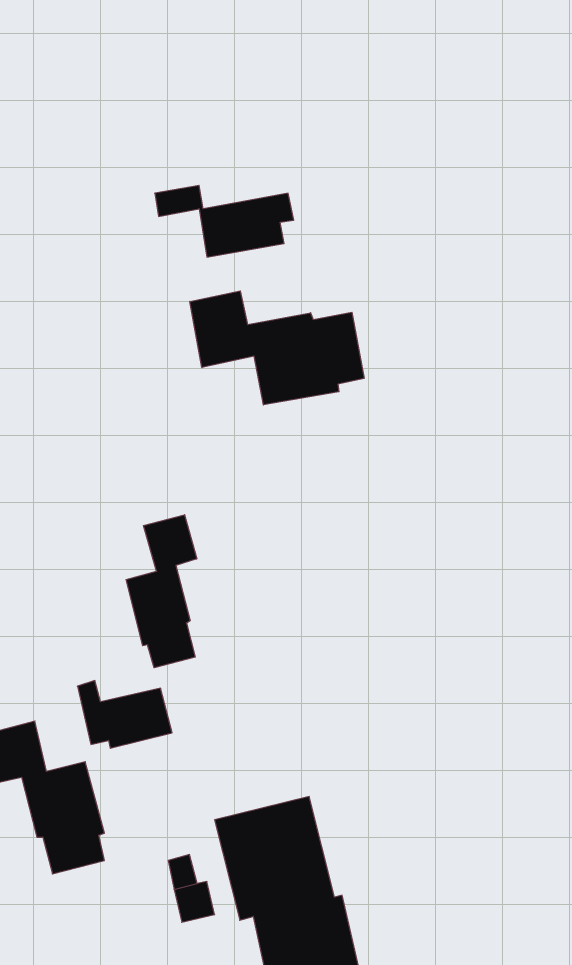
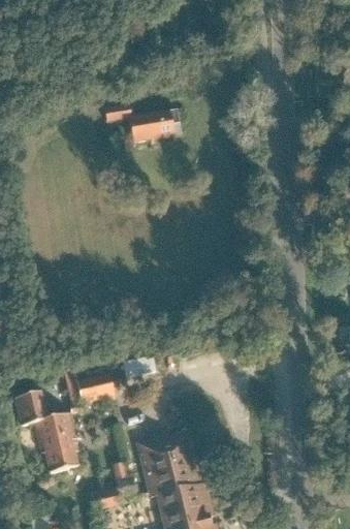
building: [190,291,364,405] -> none
building: [126,515,197,668] -> none

